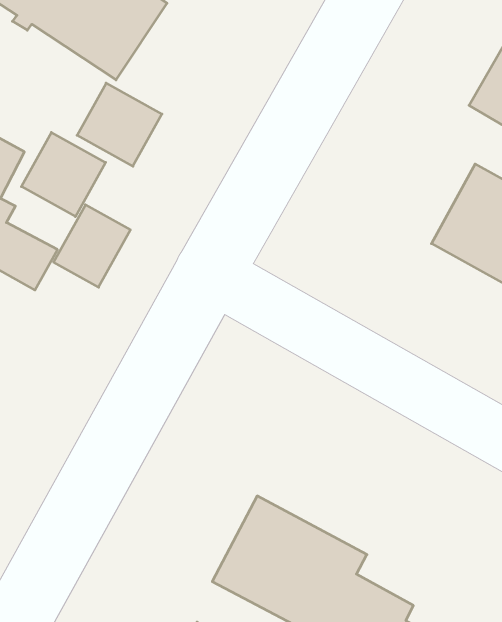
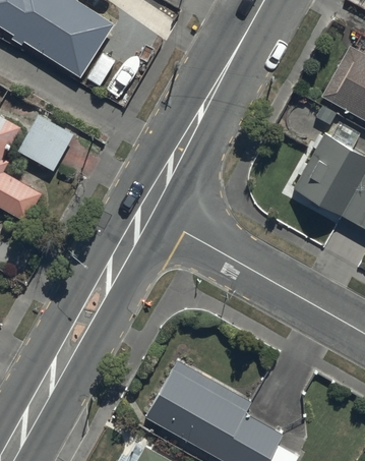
building: [77,83,162,166] -> none
building: [54,205,130,287] -> none

